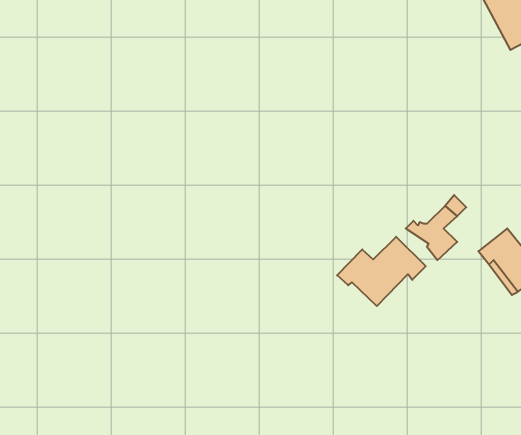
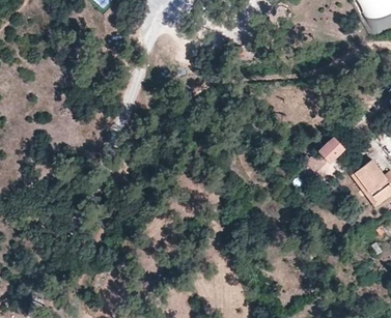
building: [337,237,426,306] -> none

